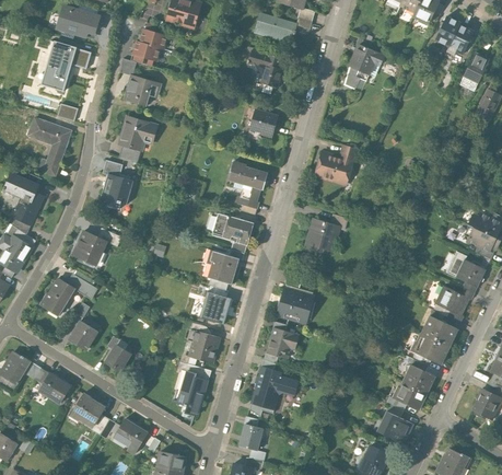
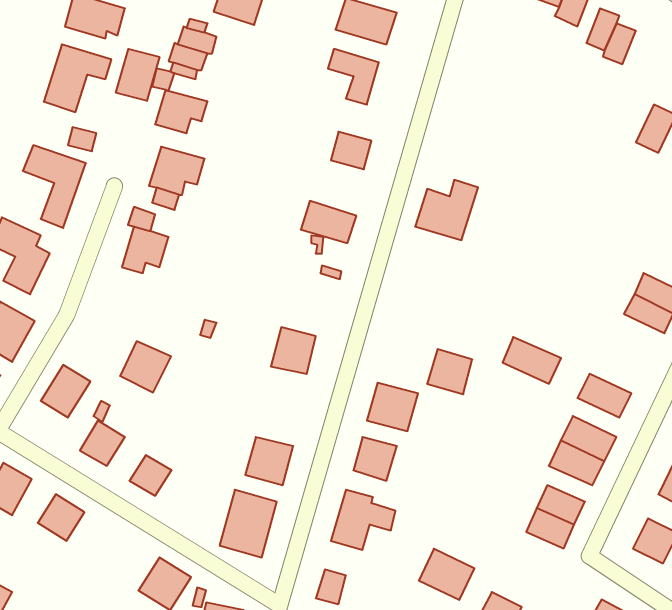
building: [343,38,384,94] -> none
building: none -> [116,49,159,101]
building: [460,54,489,91] -> none
building: [213,210,255,242] -> none
building: [306,220,339,253] -> [427,349,472,394]
building: [72,228,109,265] -> [120,341,171,392]
building: [444,253,487,287] -> [503,337,561,384]
building: [200,288,234,324] -> none
building: [69,390,106,427] -> none
building: [374,408,415,445] -> [419,549,474,600]

